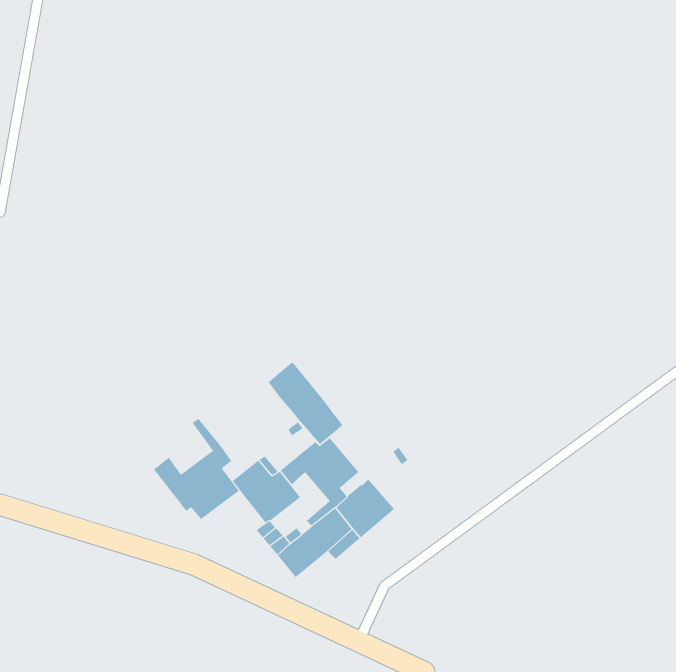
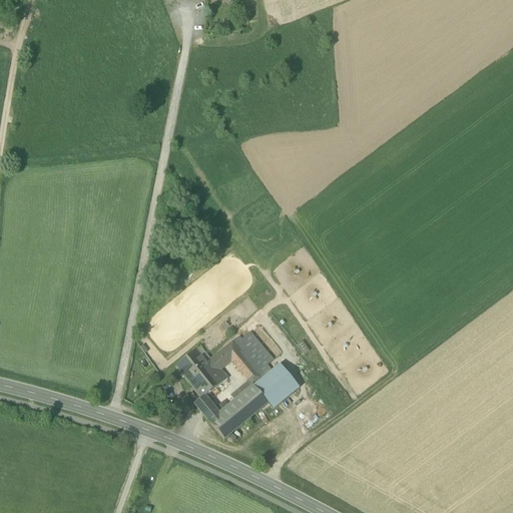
building: [268,361,343,445] -> none
building: [153,418,240,520] -> none

